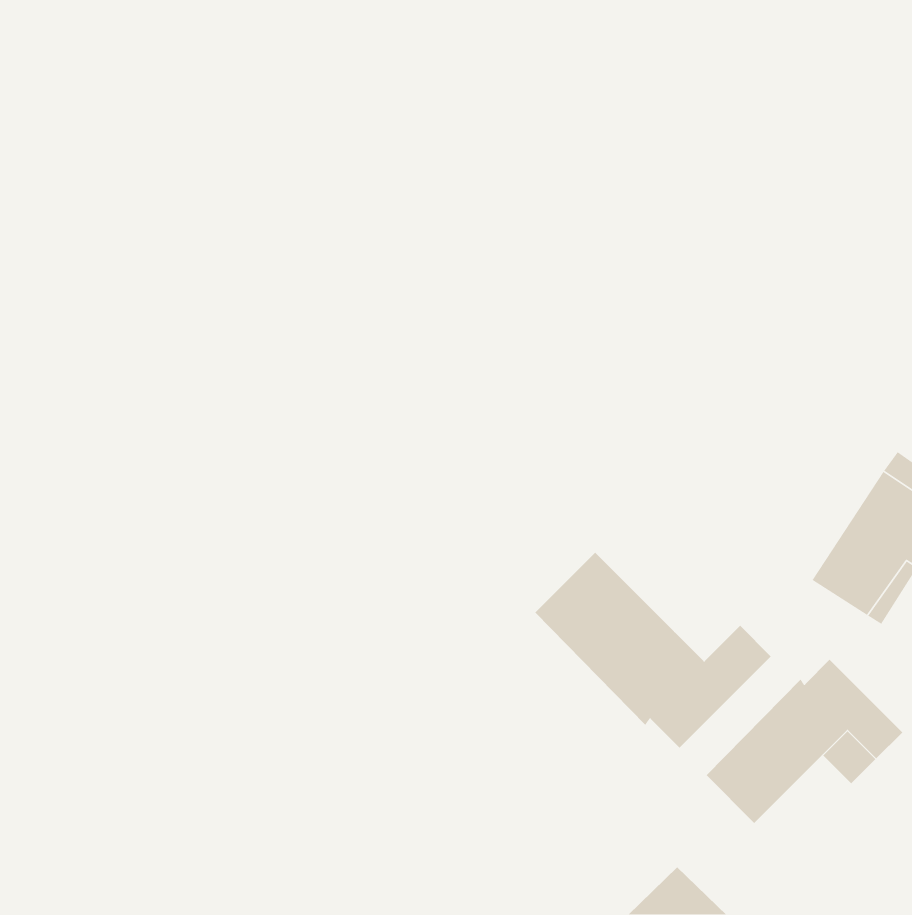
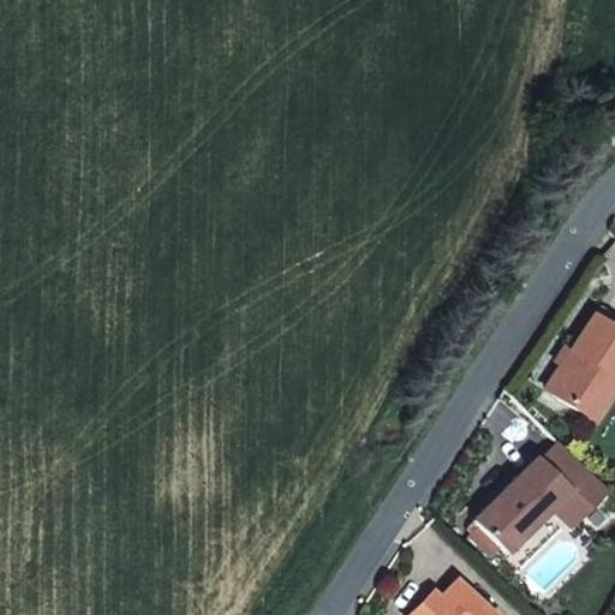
building: [534,552,772,748] -> none

